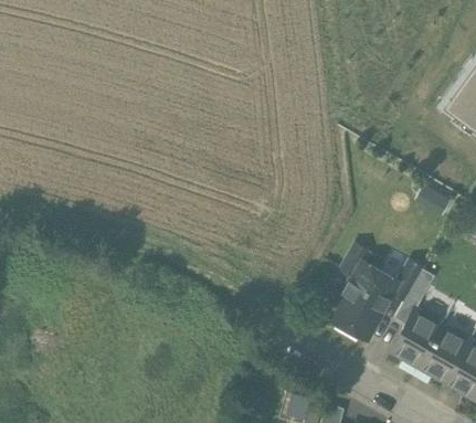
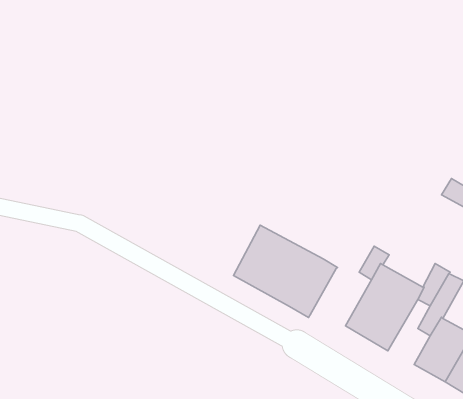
building: none -> [233,225,337,318]

